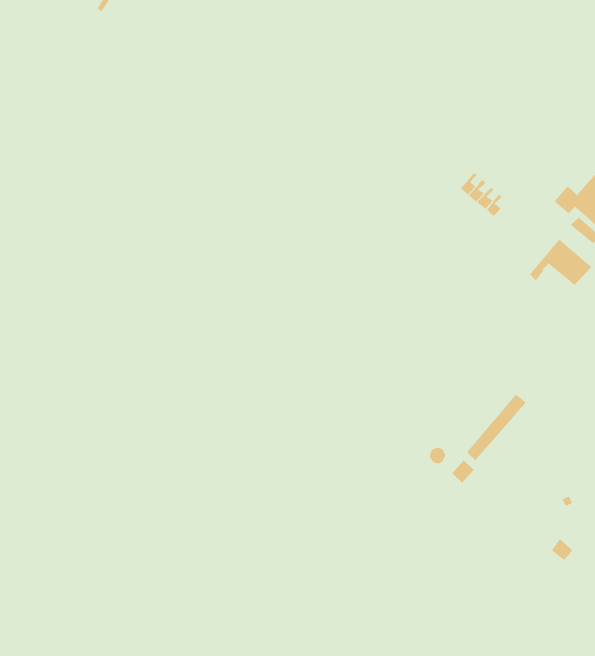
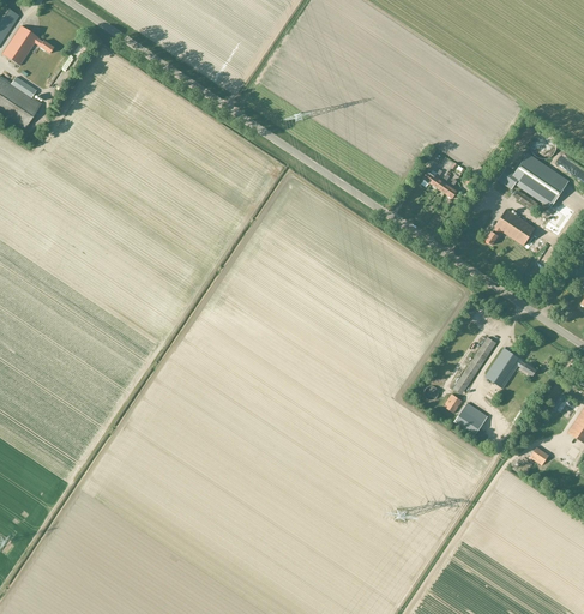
building: none -> [486,348,537,387]
building: none -> [454,402,488,435]

